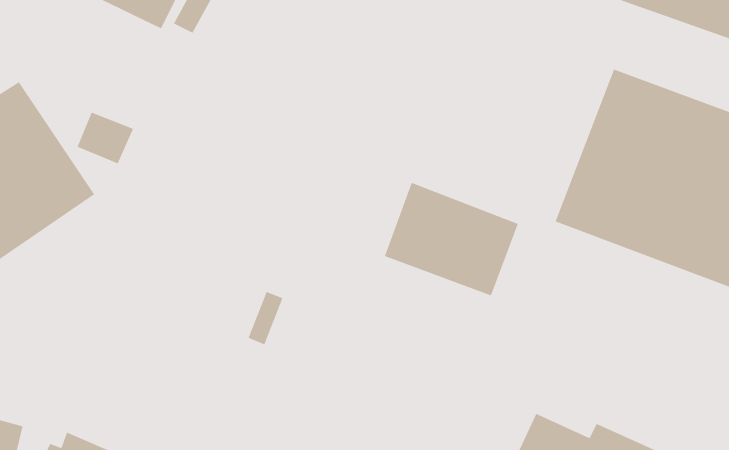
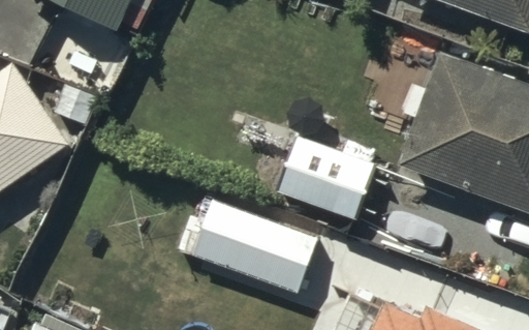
building: none -> [193,201,316,293]

